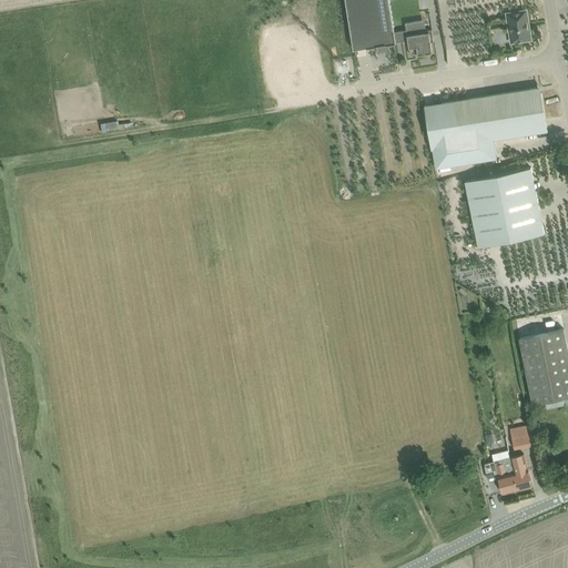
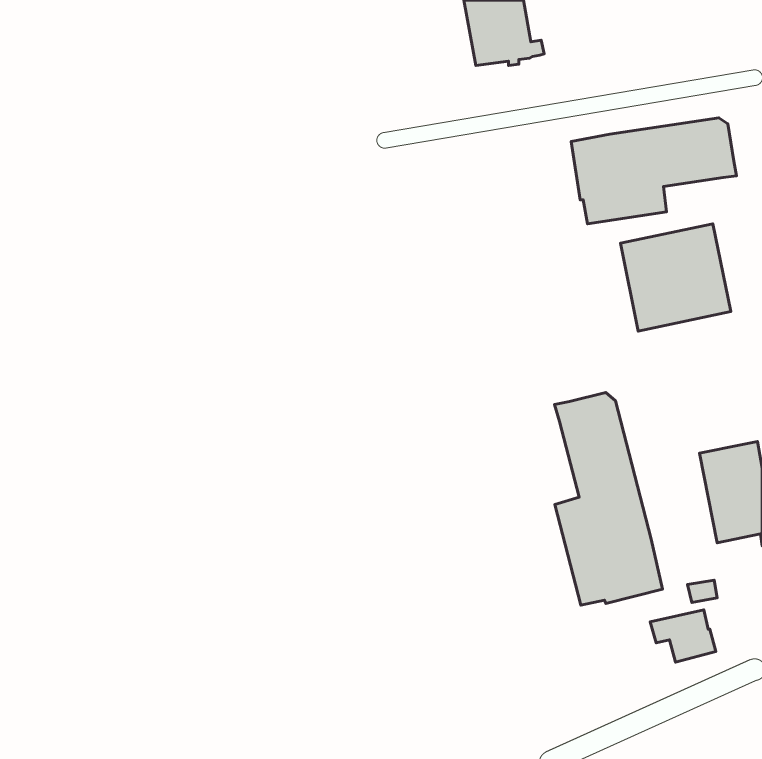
building: [507,13,530,43] -> none
building: [405,21,434,57] -> none
building: none -> [555,393,663,605]

